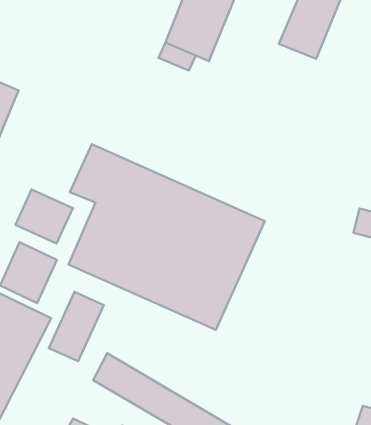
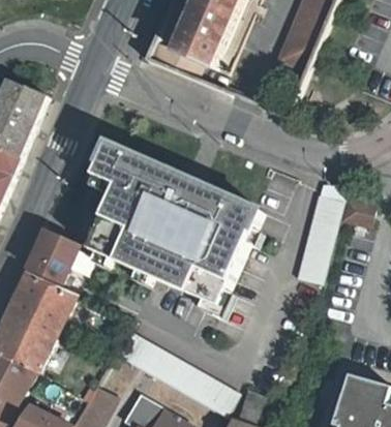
building: [15,190,73,243] -> none
building: none -> [297,189,342,279]
building: [49,292,104,361] -> none

